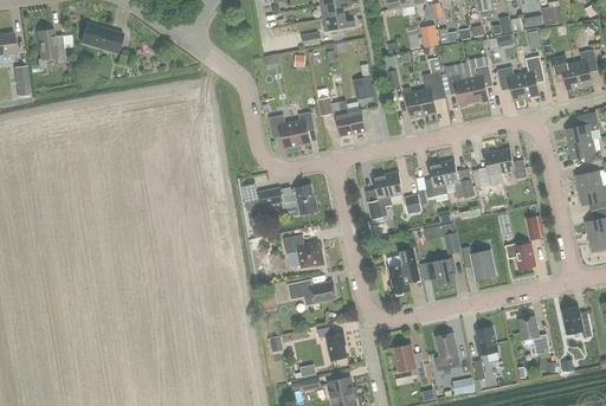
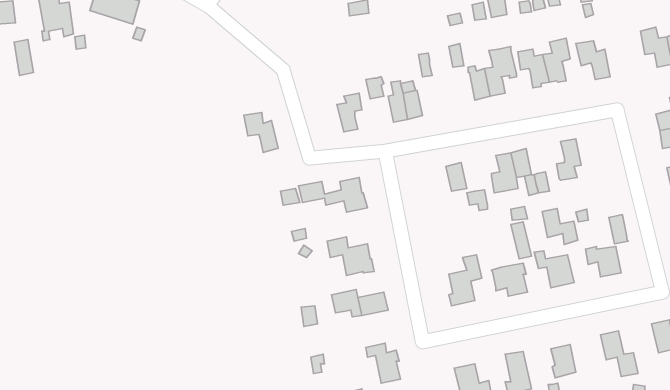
building: [521,56,543,97] -> none
building: [267,114,297,148] -> [244,112,278,152]
building: [496,148,527,179] -> [542,209,578,244]
building: [367,174,392,219] -> none

